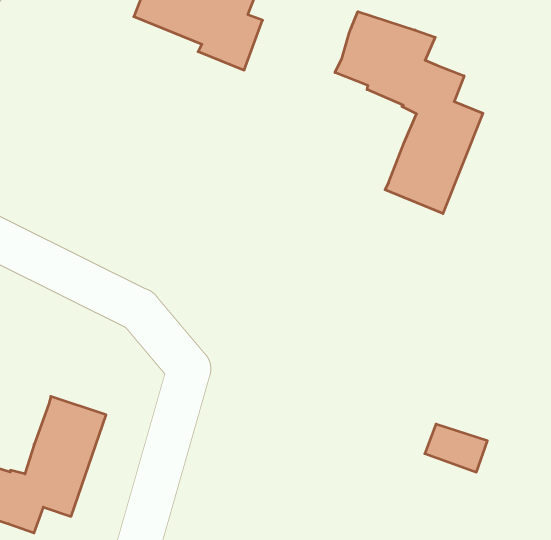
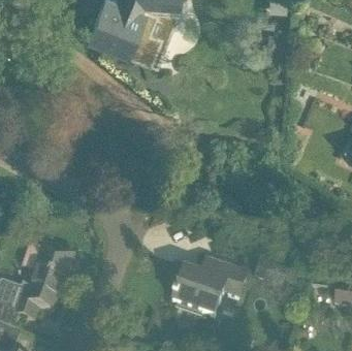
building: [335,12,483,214] -> none
building: none -> [171,263,246,322]

